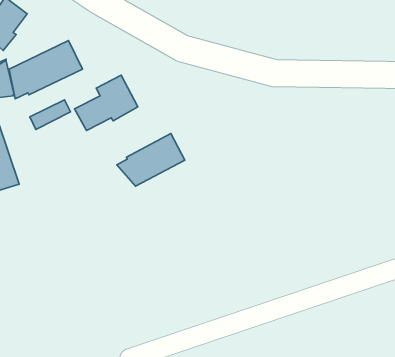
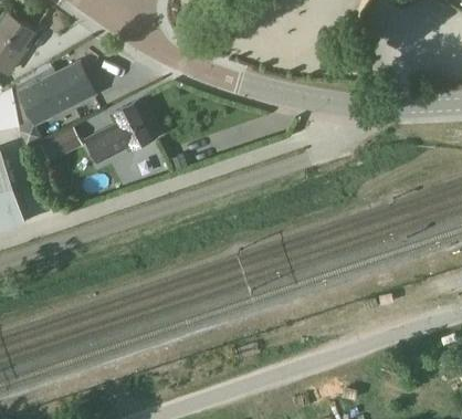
building: [117,134,185,186] -> none

